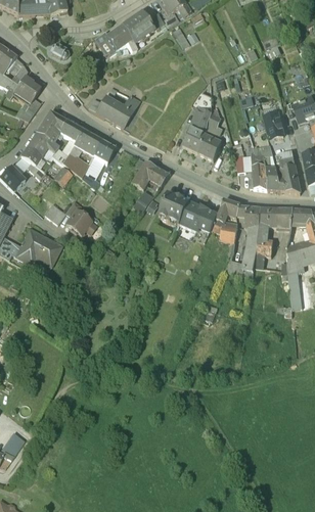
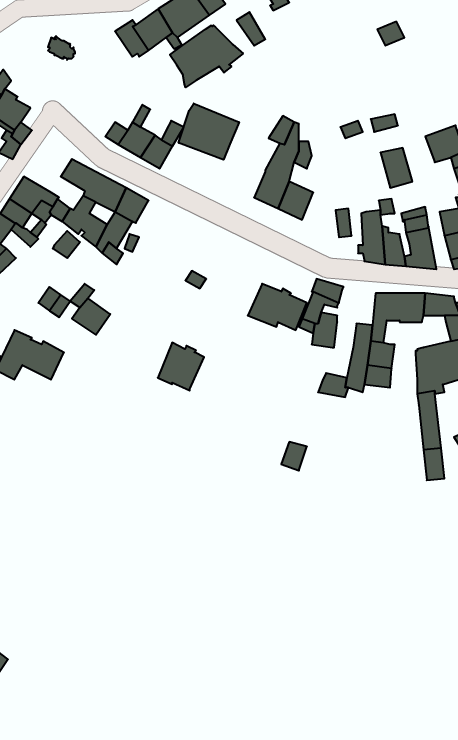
building: none -> [170,25,243,87]
building: none -> [179,103,239,160]
building: [36,111,66,143] -> none
building: [132,160,170,188] -> none
building: [159,192,188,223] -> [158,343,204,391]
building: [236,205,261,228] -> none

